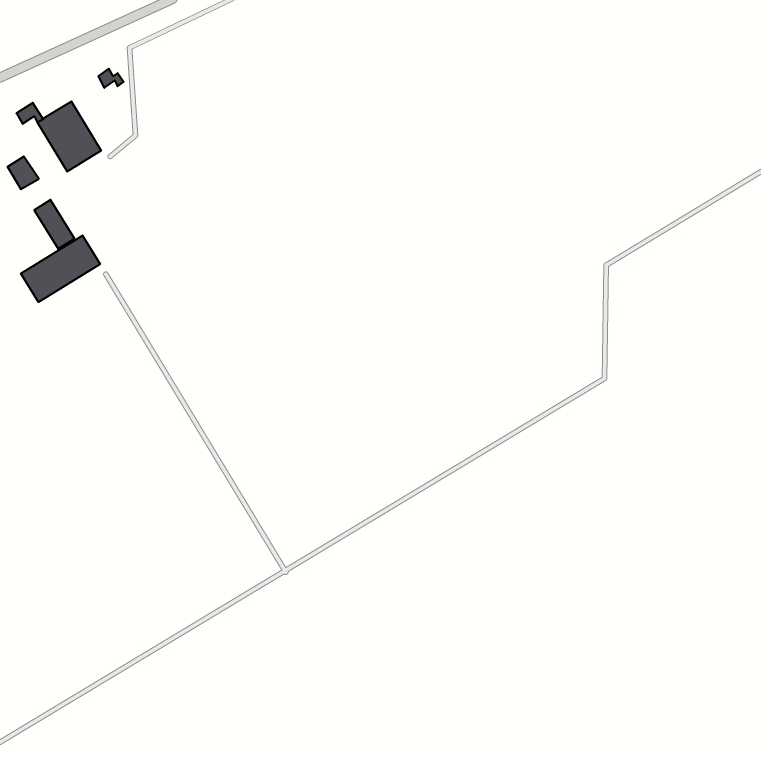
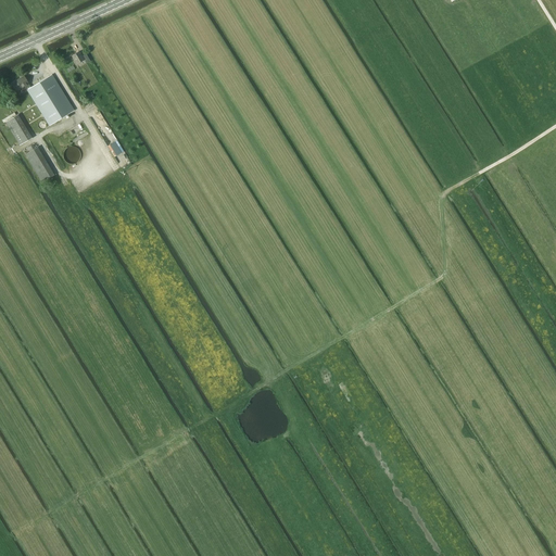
building: [21,235,100,302] -> none

